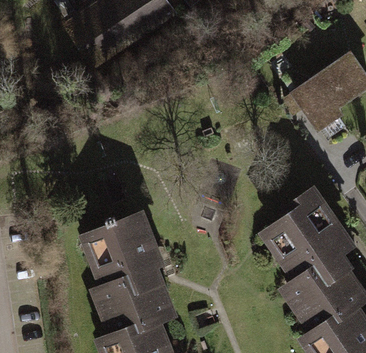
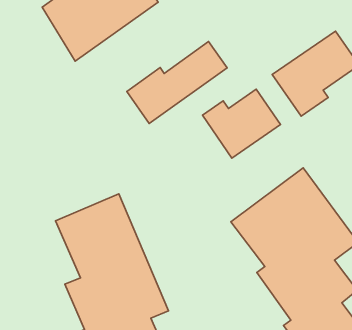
building: none -> [127,41,227,123]
building: none -> [203,89,280,158]

